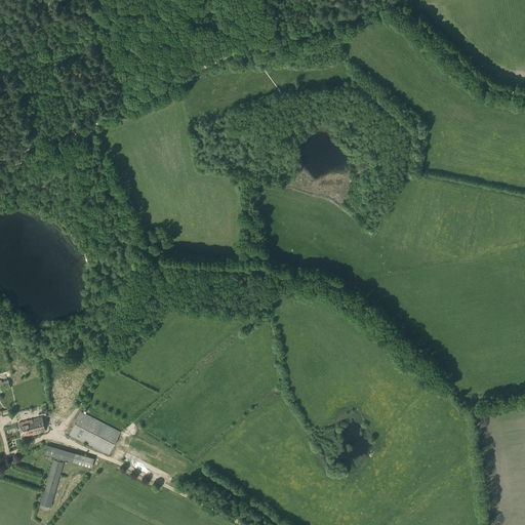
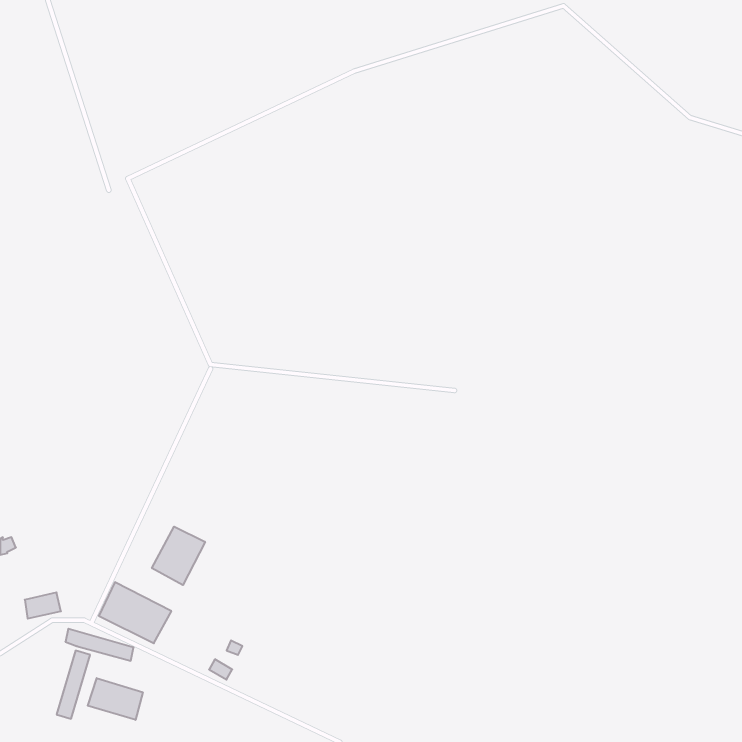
building: none -> [152,527,205,585]
building: none -> [88,678,143,720]

